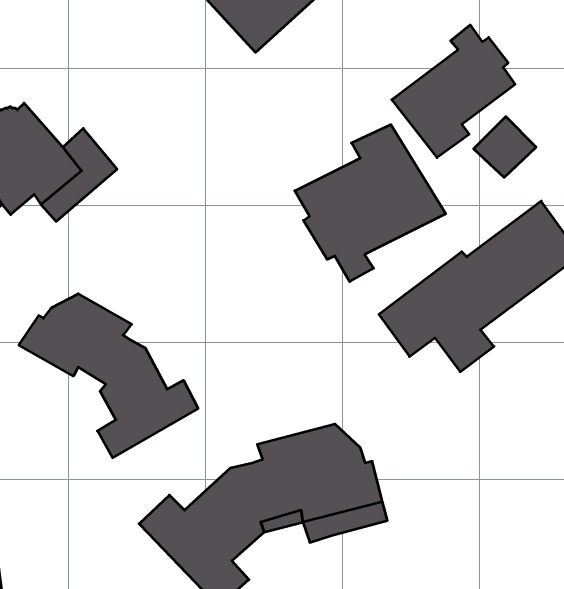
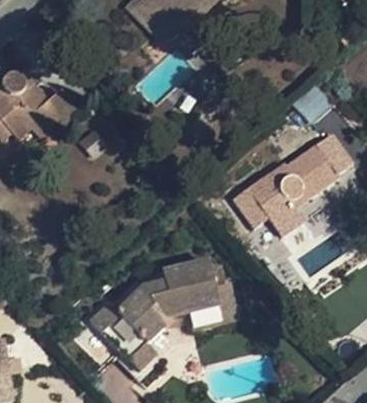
building: [392,25,515,158] -> none
building: [295,125,446,282] -> none
building: [19,294,198,458] -> none

